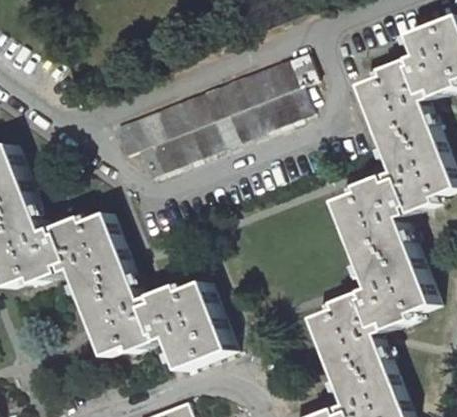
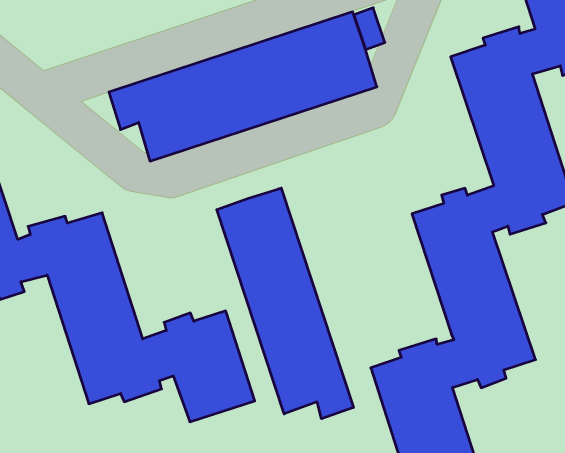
building: none -> [217,188,353,419]

